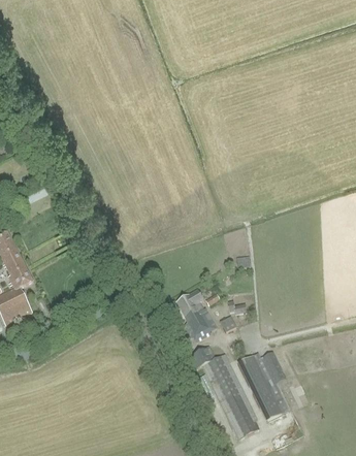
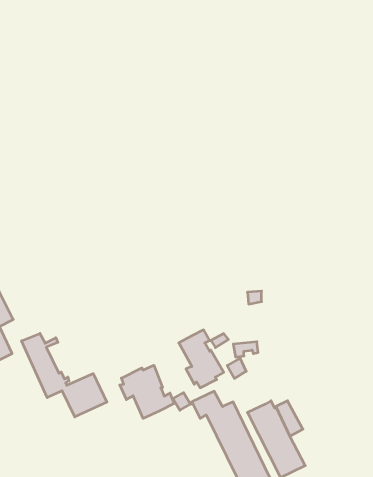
building: none -> [22,333,107,417]
building: none -> [120,365,174,418]

